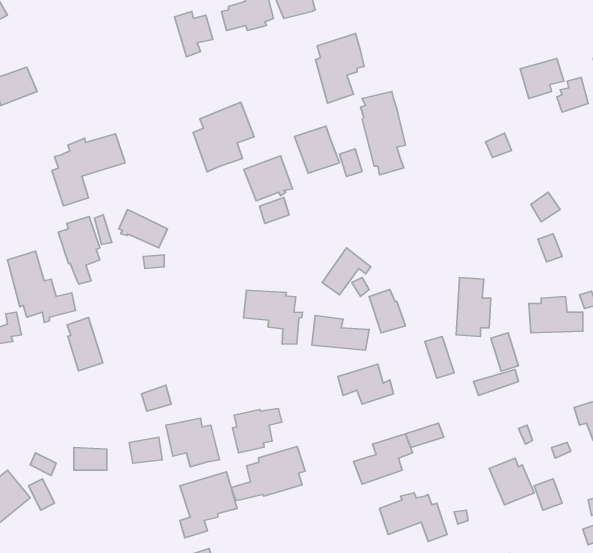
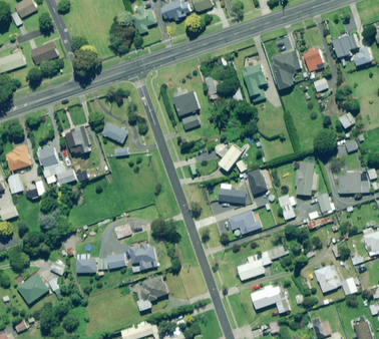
building: [315,34,364,103] -> [273,49,301,89]
building: none -> [303,45,325,72]
building: [193,102,254,172] -> none
building: [52,134,125,206] -> none
building: [243,290,302,344] -> none
building: [67,317,103,371] -> none
building: [232,409,282,453] -> none
building: [231,447,305,501] -> none

